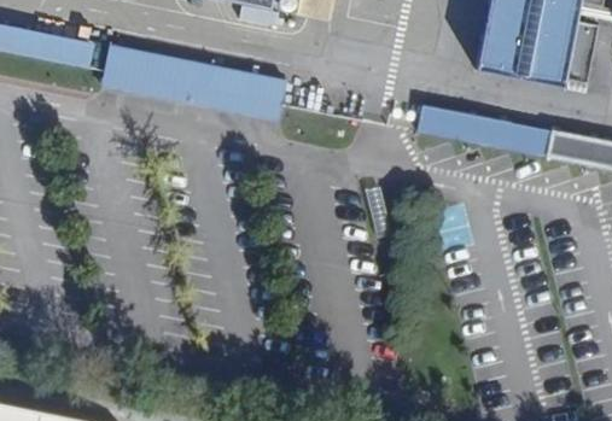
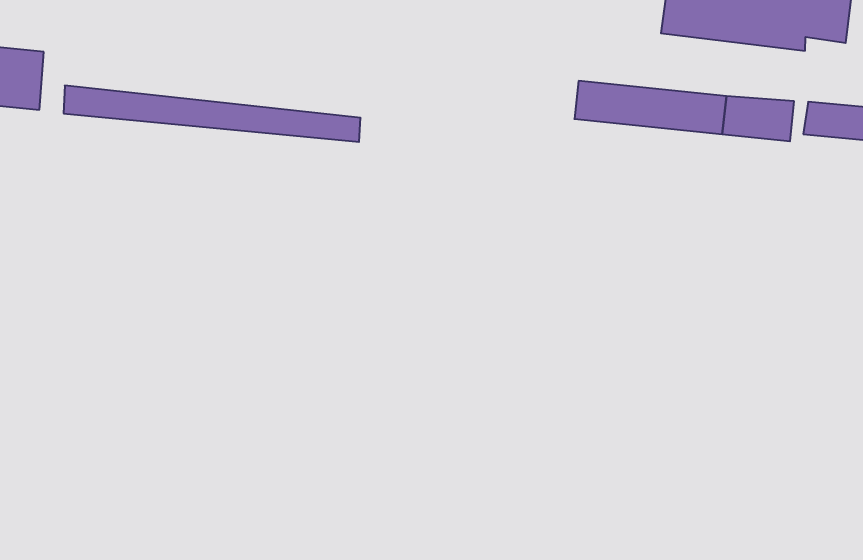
building: [105,43,290,107] -> none

